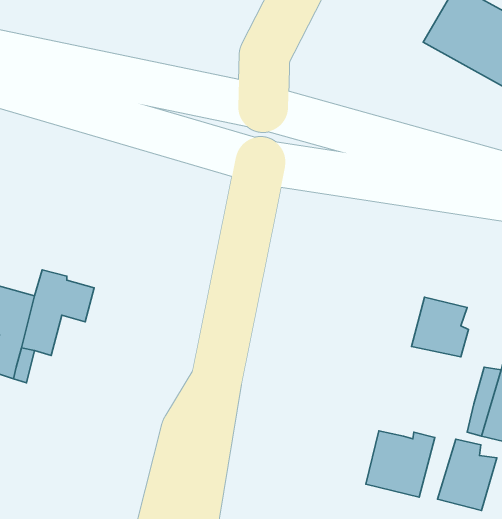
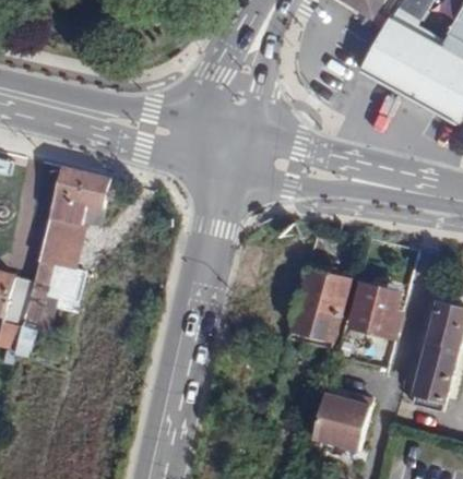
building: none -> [41,167,114,265]
building: none -> [290,268,348,338]
building: [437,439,497,511] -> none

